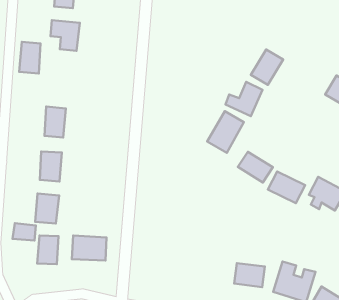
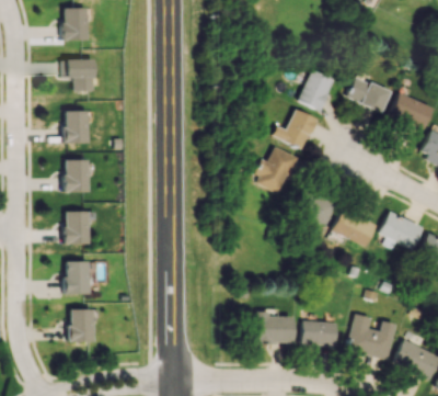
building: [19,42,41,73] -> [66,109,89,144]
building: none -> [348,77,391,113]
building: [13,223,36,241] -> none
building: [72,235,106,261] -> none
building: none -> [257,309,295,344]

